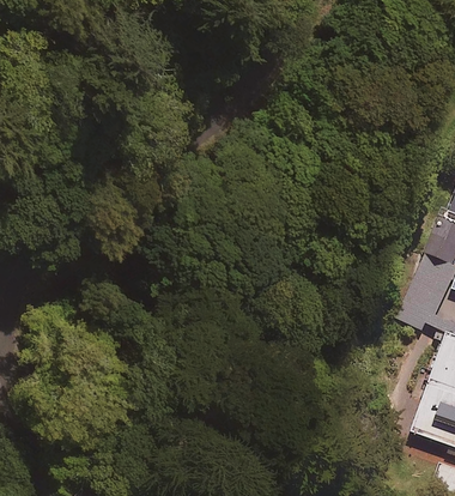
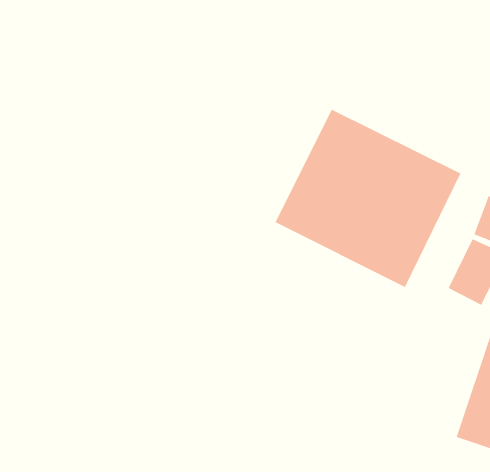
building: none -> [275,109,461,288]

